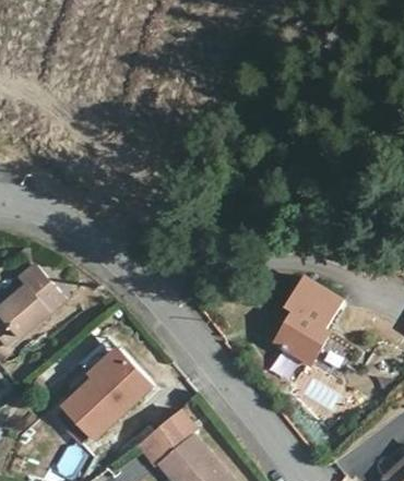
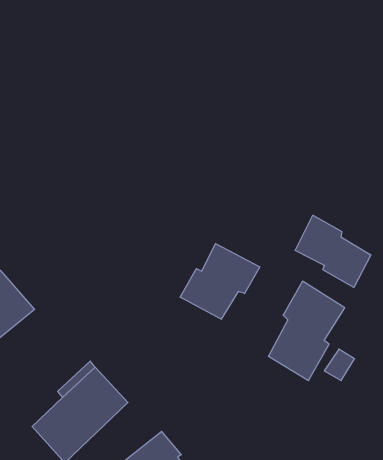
building: none -> [295,215,371,287]
building: none -> [180,244,260,319]

